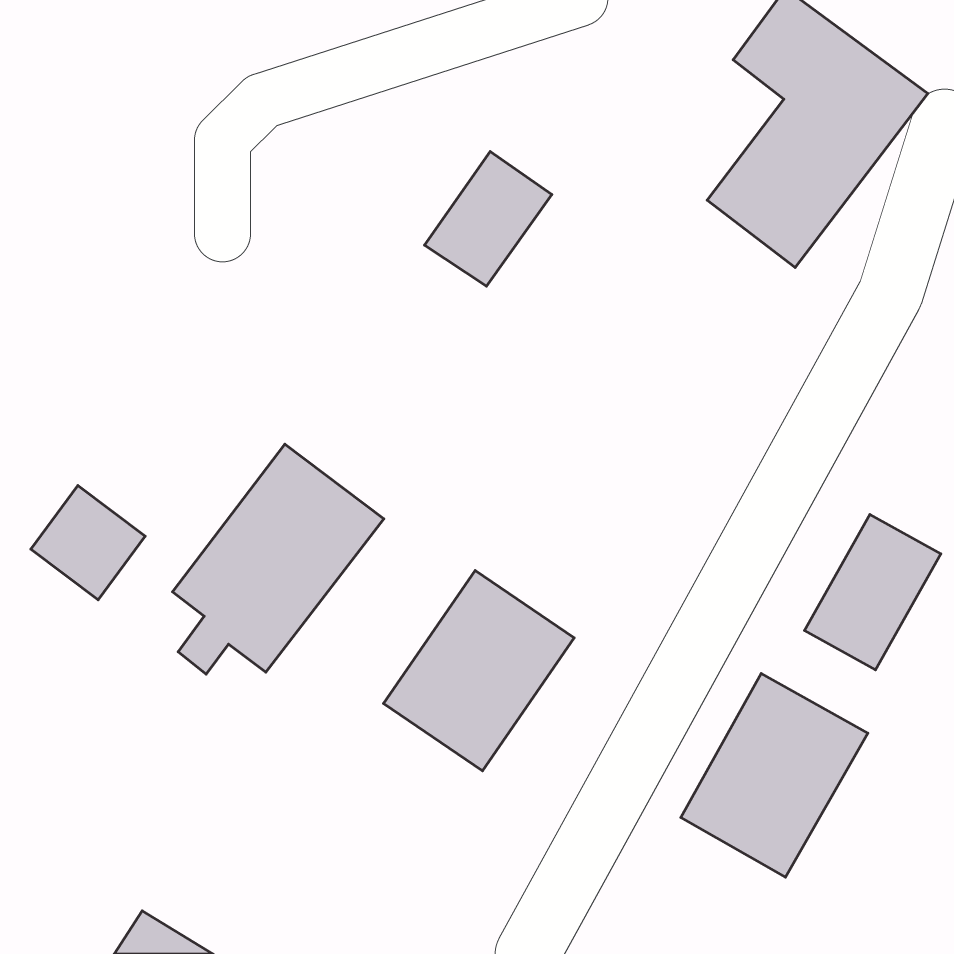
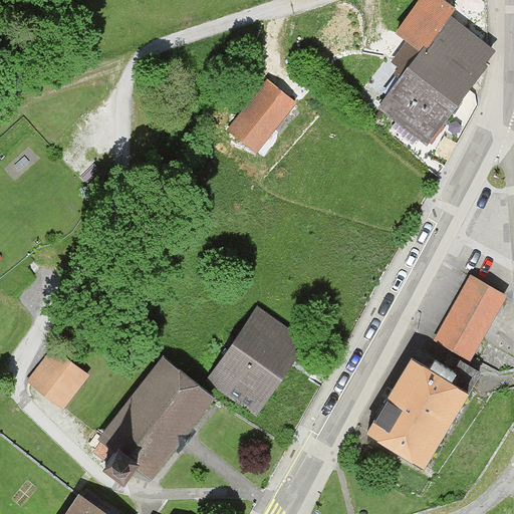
building: [172,444,384,674] -> [102,358,216,482]
building: [31,486,145,600] -> [27,349,88,411]

